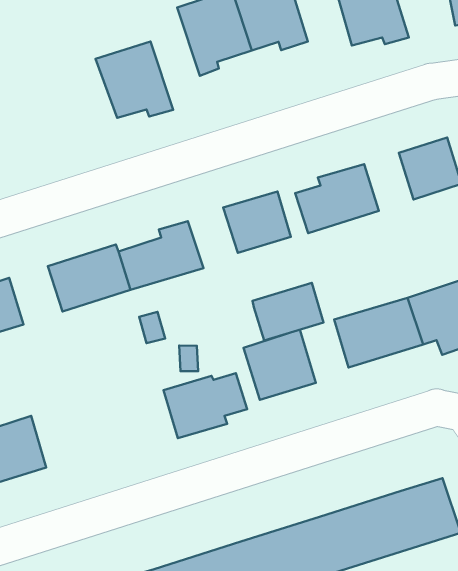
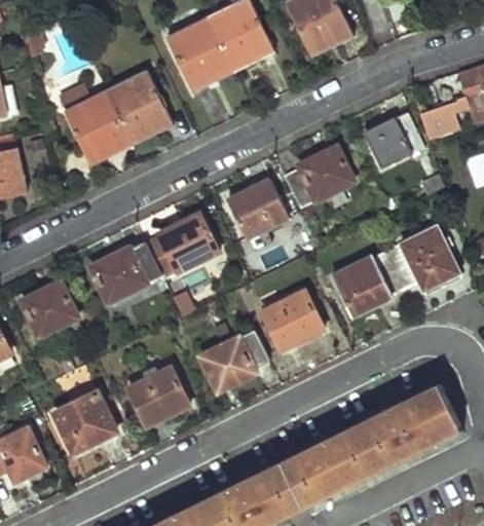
building: none -> [59,86,131,166]
building: [252,283,324,340] -> none
building: none -> [129,367,192,425]

